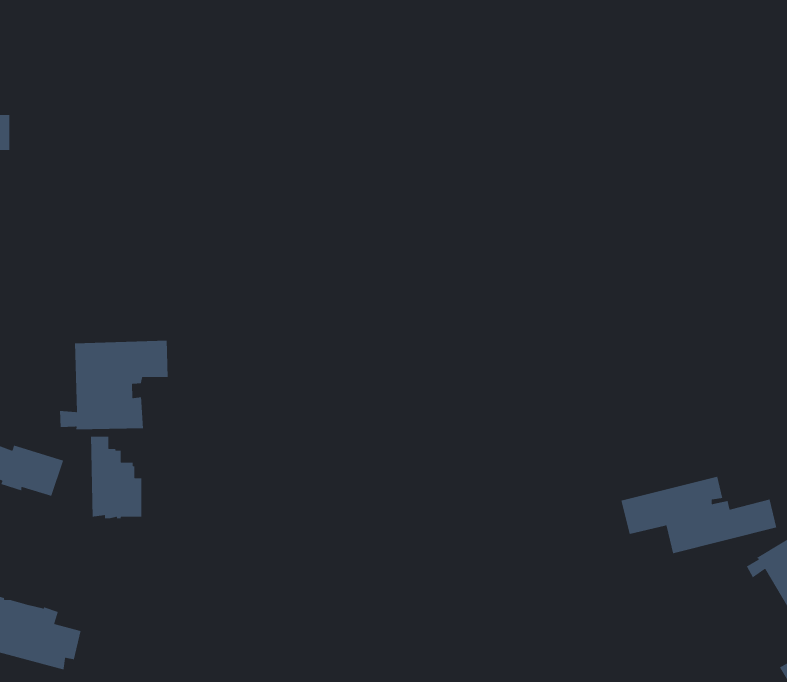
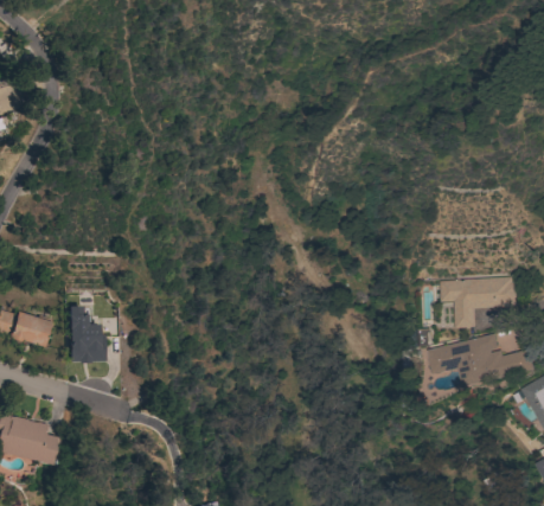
building: [59,340,168,430] -> none
building: none -> [439,276,517,327]

